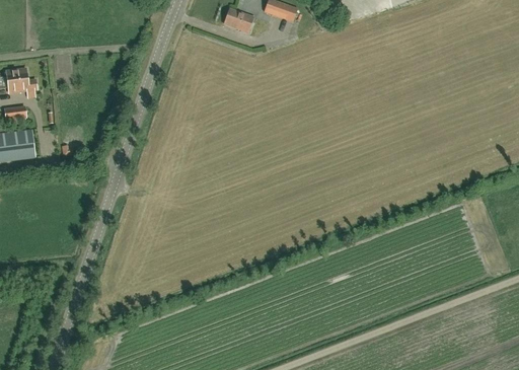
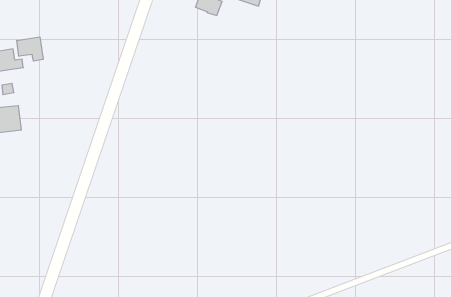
building: none -> [17,37,43,61]

